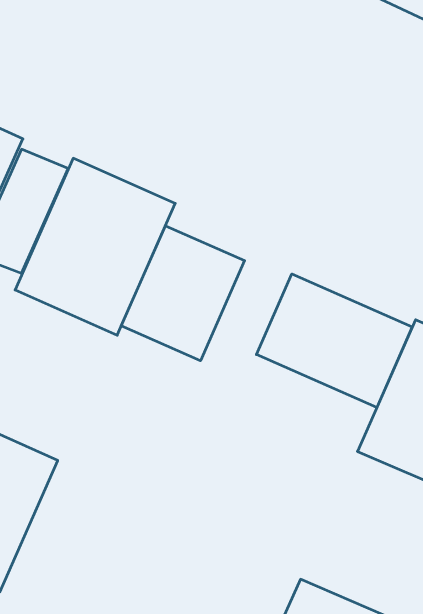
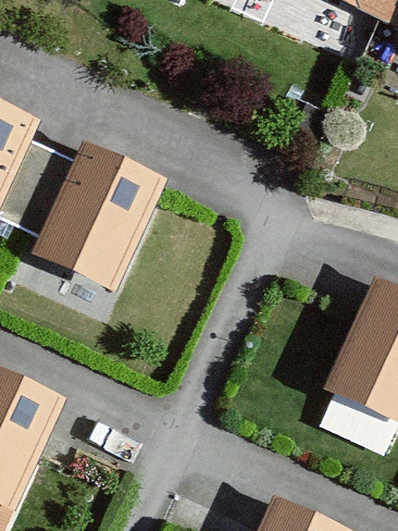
building: [121,226,245,361] -> none
building: [256,274,412,408] -> none

